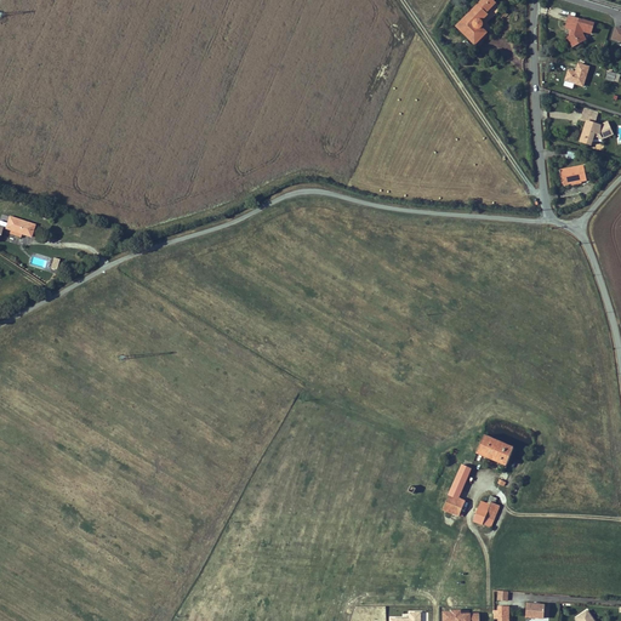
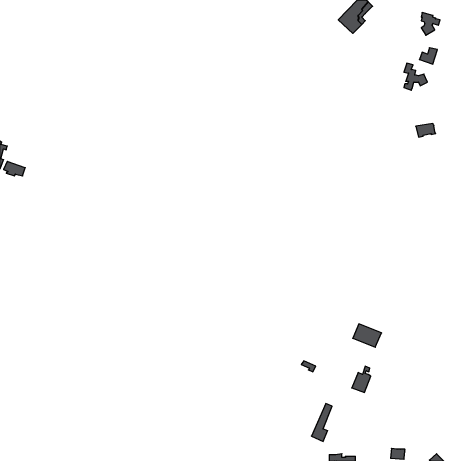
building: [580,108,611,144] -> [404,63,427,90]
building: [443,465,471,515] -> [311,404,332,441]

